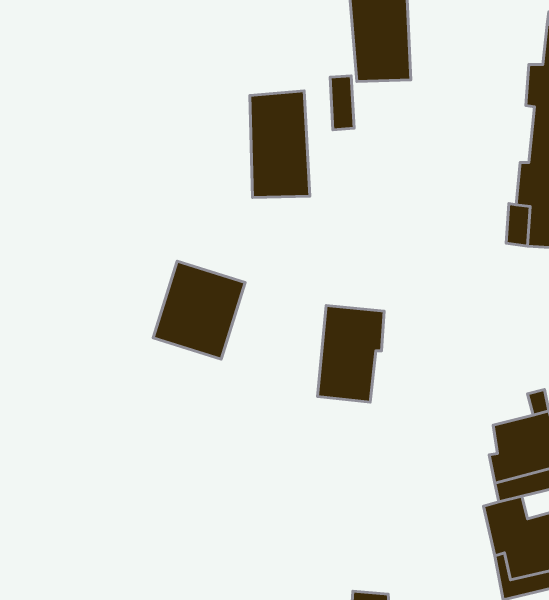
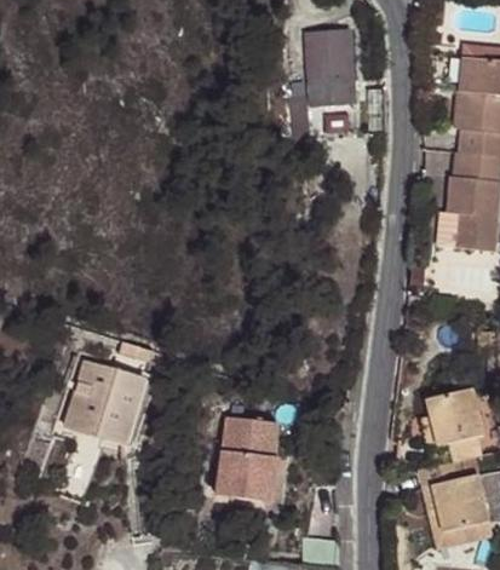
building: [250,91,310,198] -> none
building: [153,261,245,359] -> [67,359,145,443]
building: [318,306,384,402] -> [220,419,277,501]

